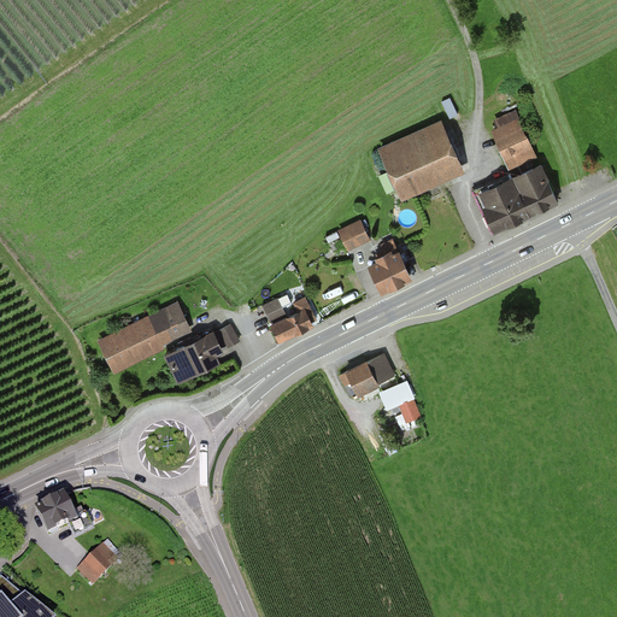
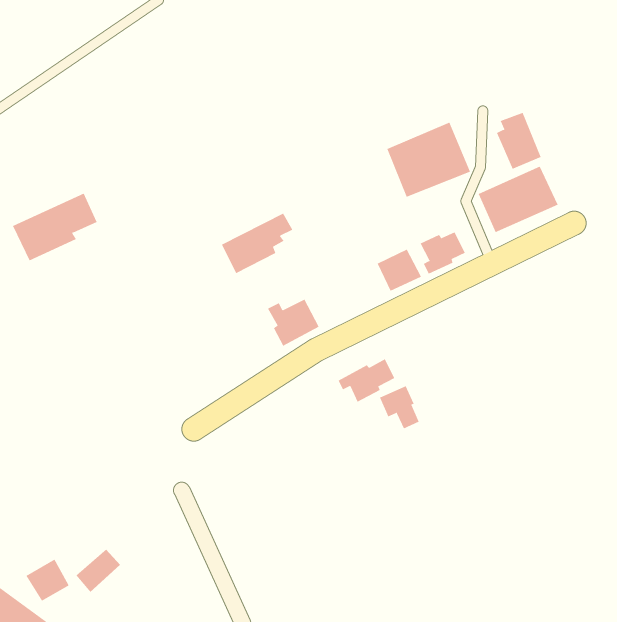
building: [339,219,369,249] -> none
building: none -> [420,231,466,274]
building: [100,304,184,371] -> [12,193,97,261]
building: [166,324,237,384] -> [221,213,293,274]
building: [37,493,81,535] -> [25,559,69,601]

